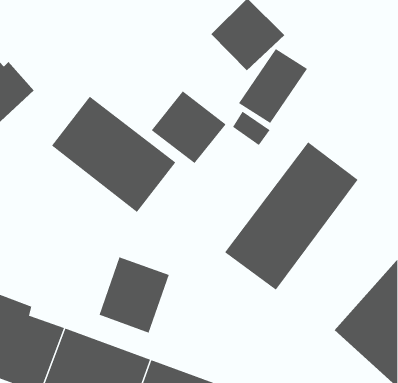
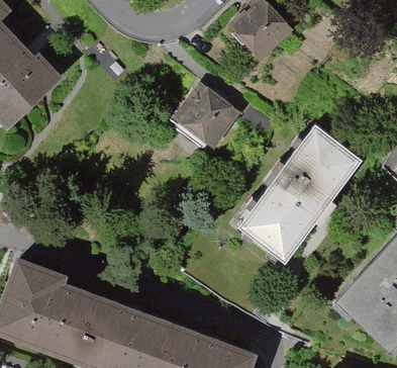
building: [238,48,308,124] -> none
building: [51,96,176,213] -> none
building: [99,256,169,334] -> none

